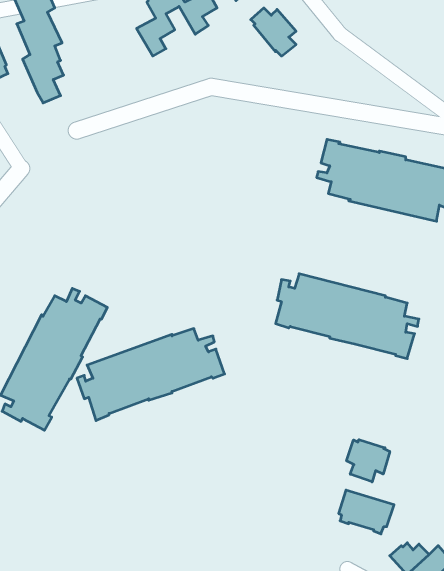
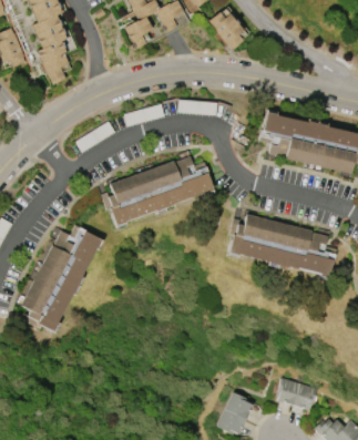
building: [77,329,225,421] -> [101,156,213,226]
building: [347,440,390,482] -> none
building: none -> [216,392,253,434]

